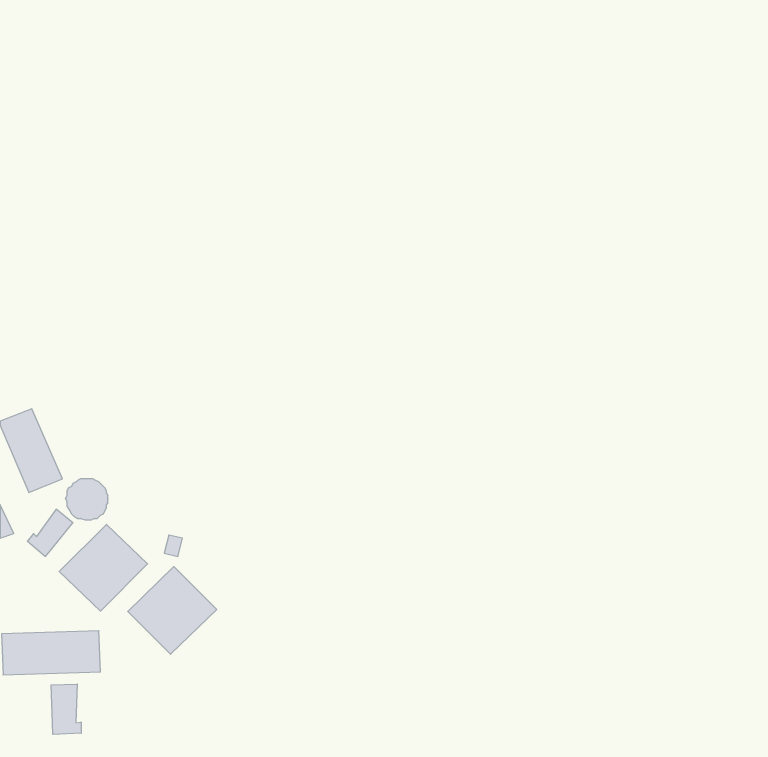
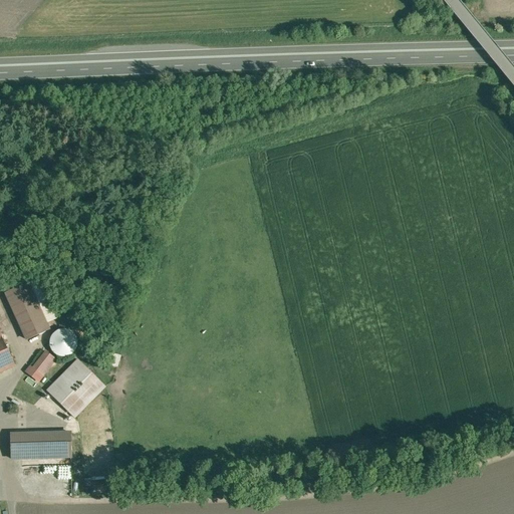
building: [128,567,217,654] -> none
building: [51,684,81,734] -> none

